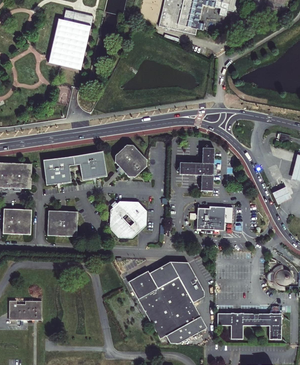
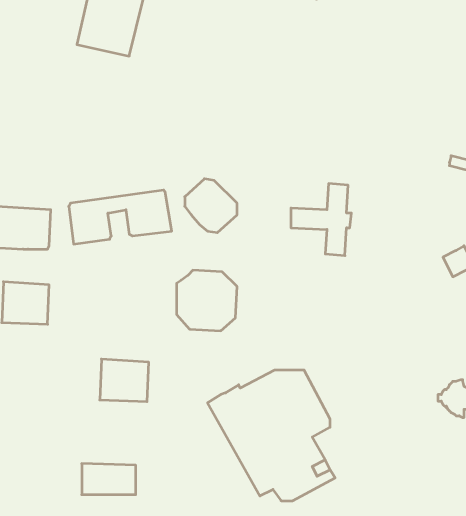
building: [196,206,231,230] -> none
building: [47,210,77,236] -> [100,359,149,402]
building: [8,300,41,319] -> [82,464,136,495]
building: [216,314,281,340] -> none

